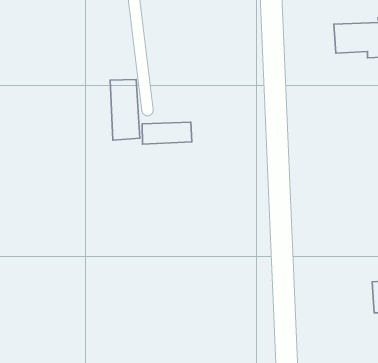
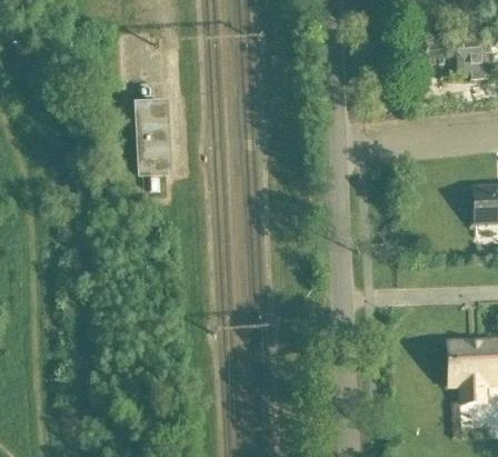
building: [142,122,192,144] -> none

